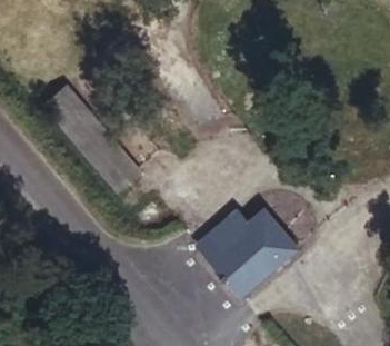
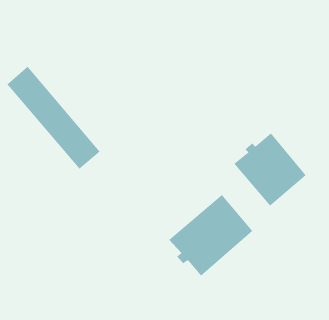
building: none -> [234,132,307,207]

